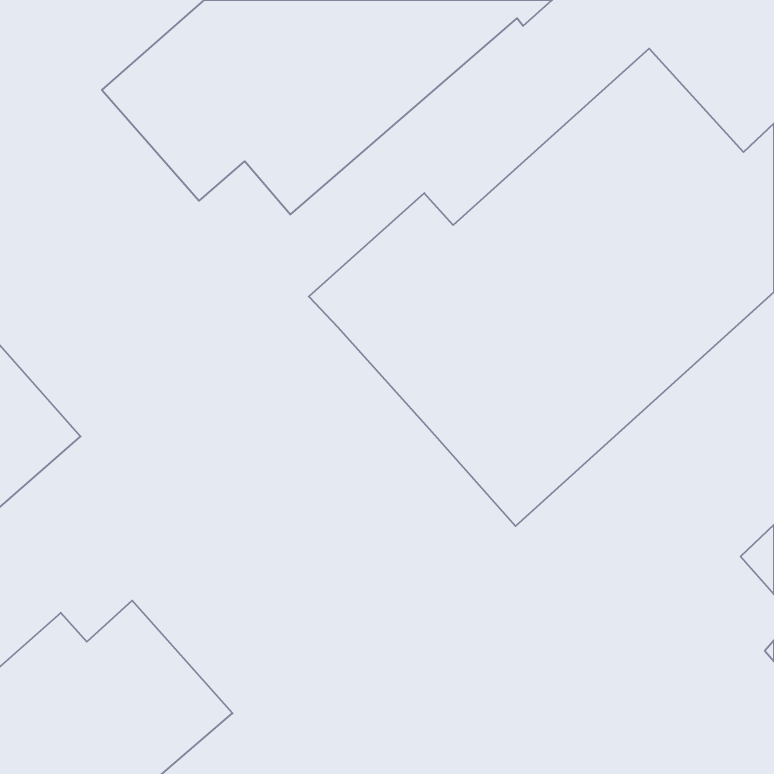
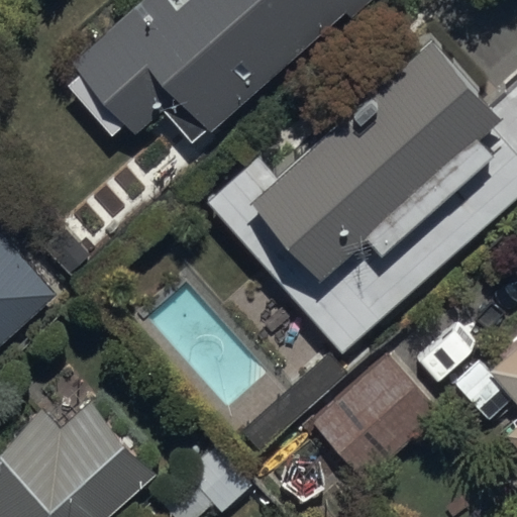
building: none -> [308,353,442,485]

